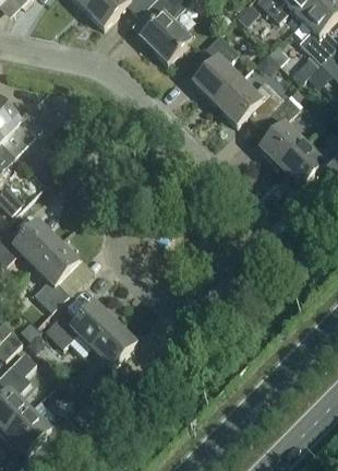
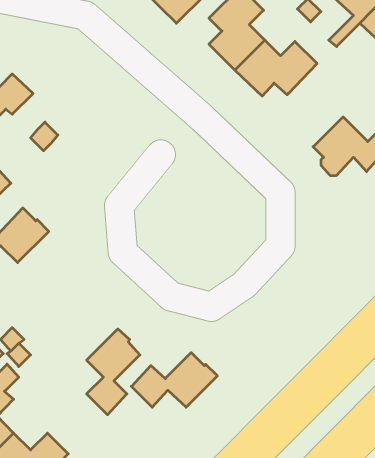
building: [259,93,305,166] -> none
building: [33,237,79,309] -> none
building: [45,299,117,345] -> [131,353,217,407]

